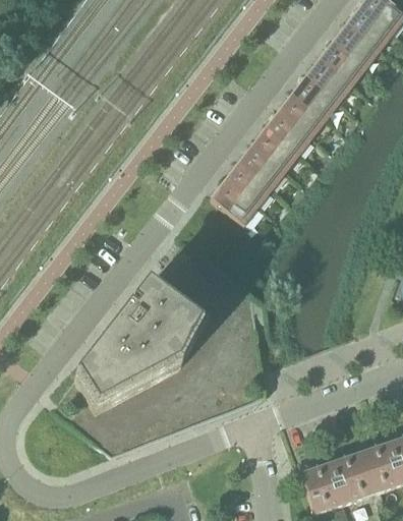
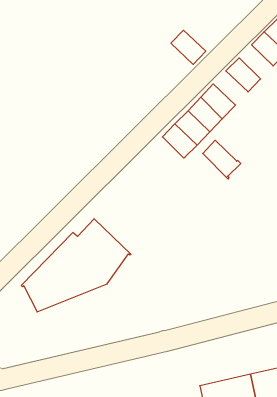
building: [308,57,350,97] -> none
building: [281,92,324,131] -> [171,30,206,64]
building: [214,179,261,224] -> [203,140,241,179]

